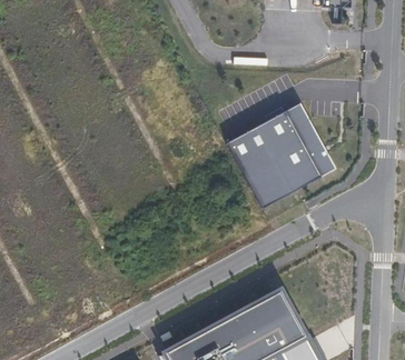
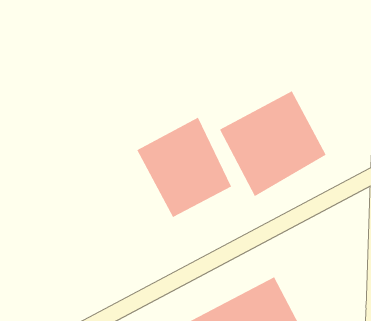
building: none -> [137,117,232,218]

